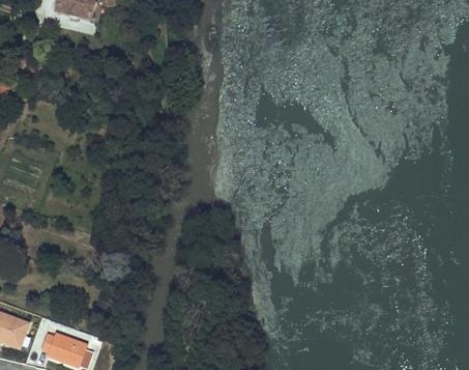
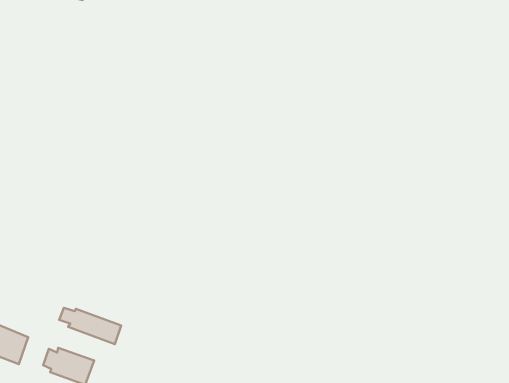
building: none -> [59,308,121,344]

